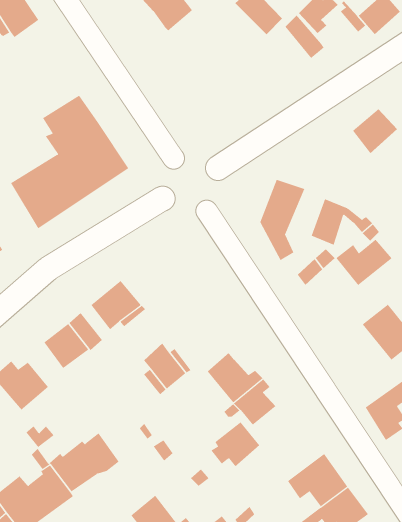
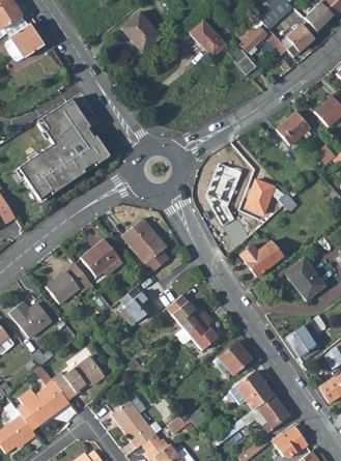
building: [336,239,392,286] -> [240,242,283,278]
building: none -> [122,219,170,272]
building: [210,422,260,467] -> [215,341,252,375]

